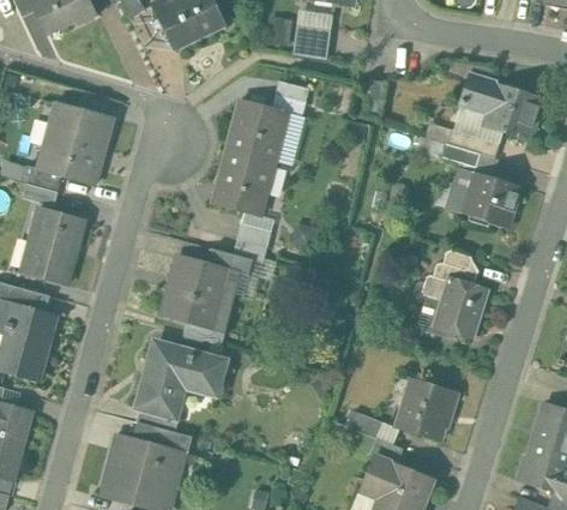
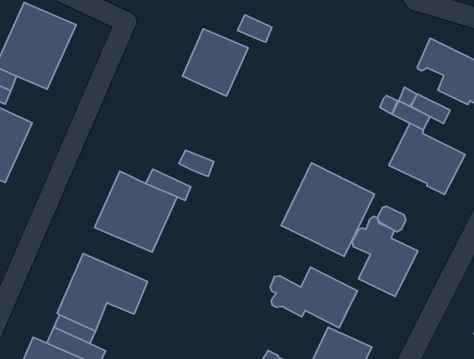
building: [212,151,273,216] -> none
building: none -> [281,163,374,257]
building: none -> [270,267,357,328]

